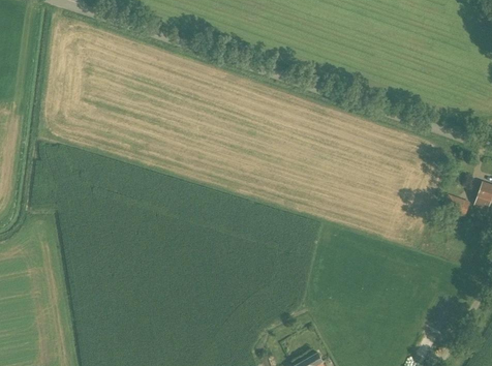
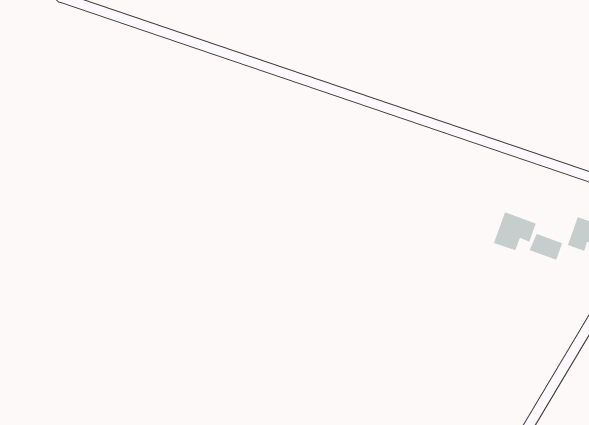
building: none -> [493,211,537,251]

